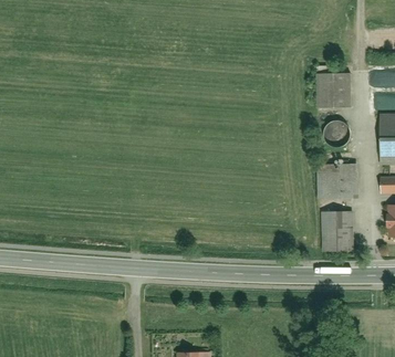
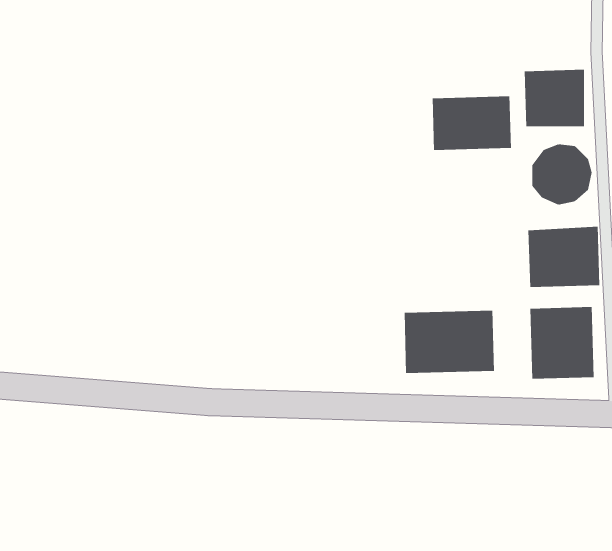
building: none -> [432,95,511,151]
building: none -> [404,310,494,374]

